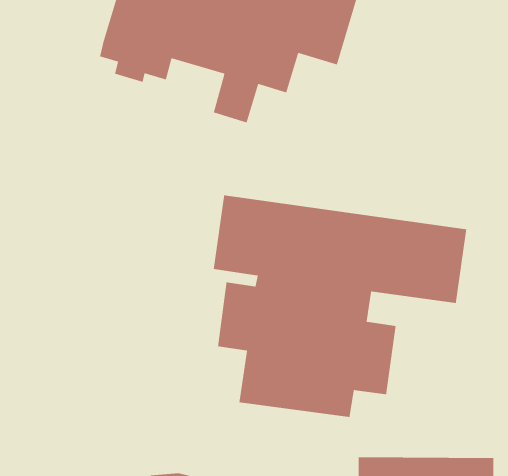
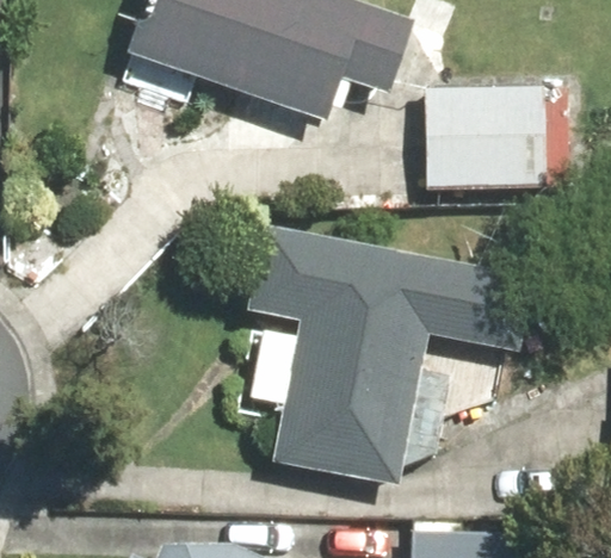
building: none -> [426,86,569,192]

